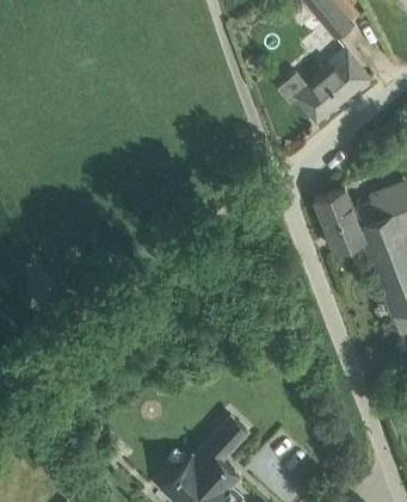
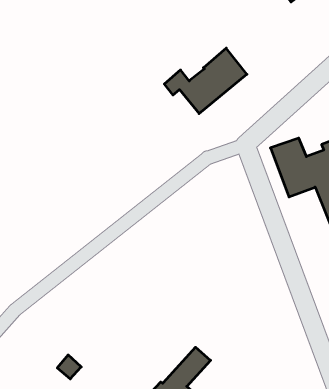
building: [277,49,368,120] -> [164,48,247,114]

